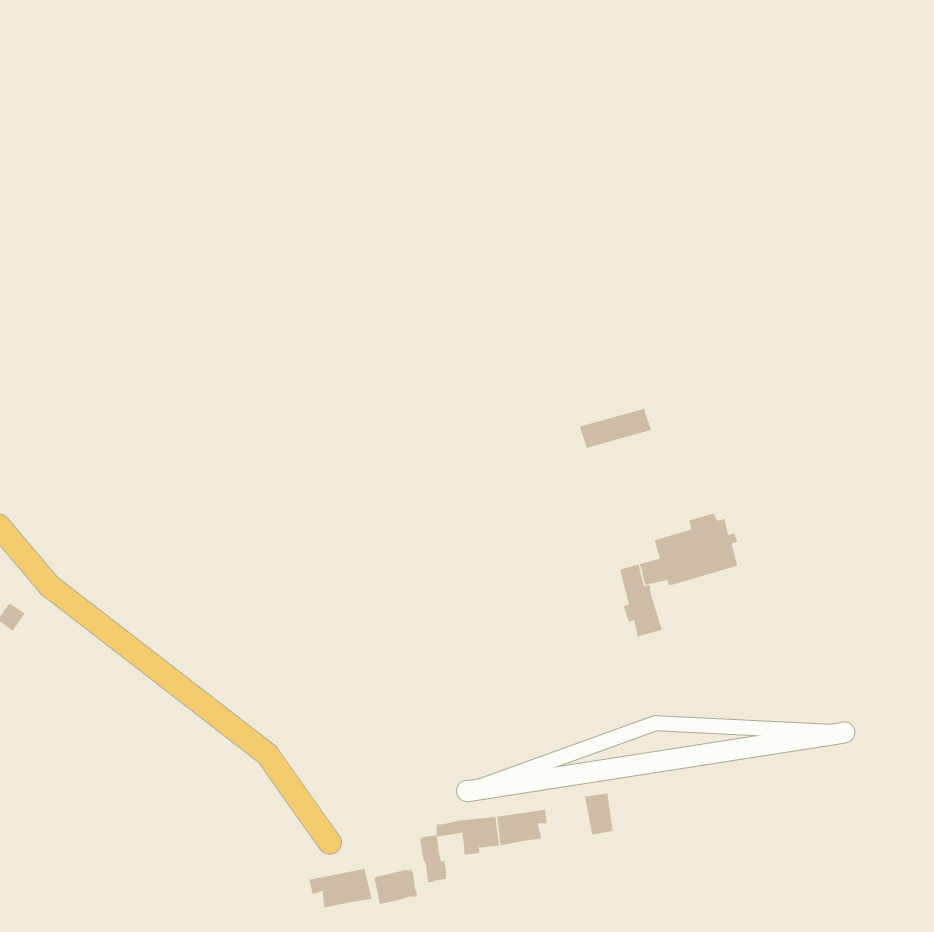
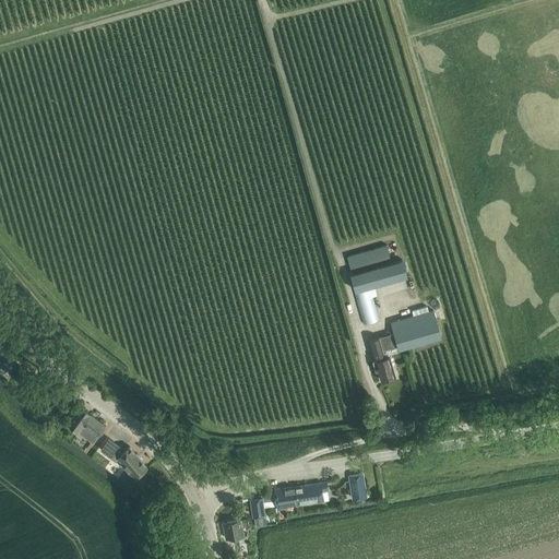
building: none -> [349,261,406,326]
building: none -> [67,409,105,445]
building: none -> [100,440,146,479]
building: [309,868,372,908] -> none

